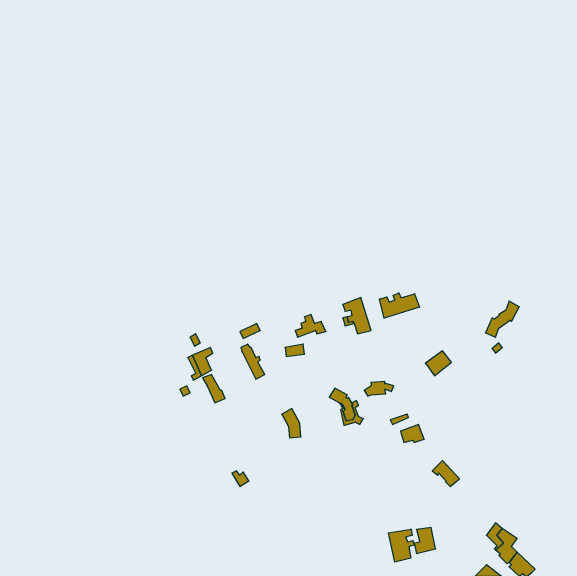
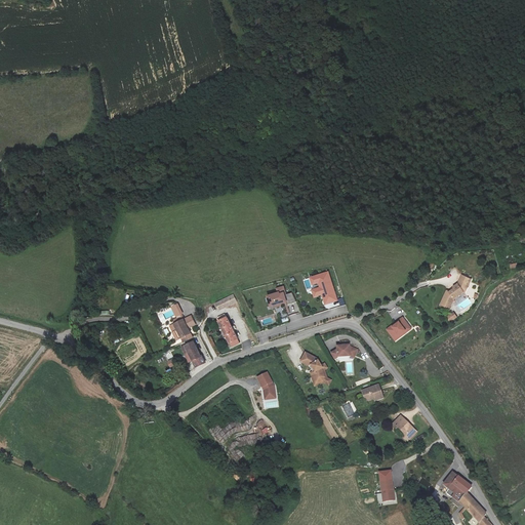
building: [379,293,420,318] -> none
building: [389,529,414,562] -> none

